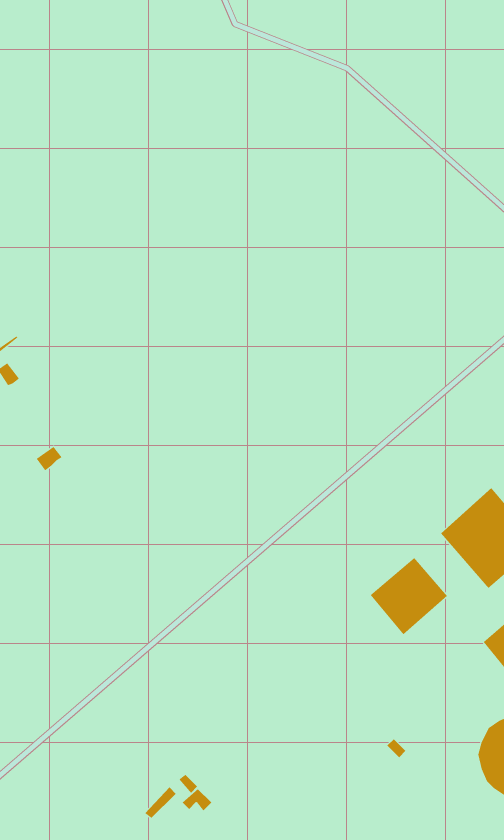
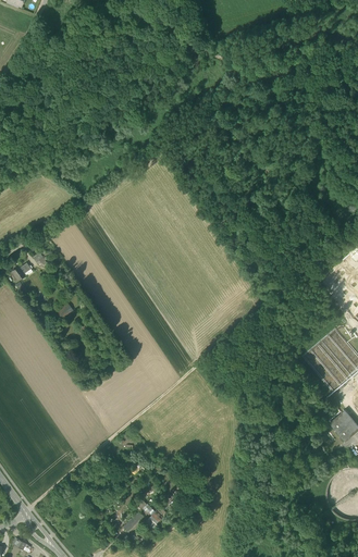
building: [370,557,448,635] -> none

